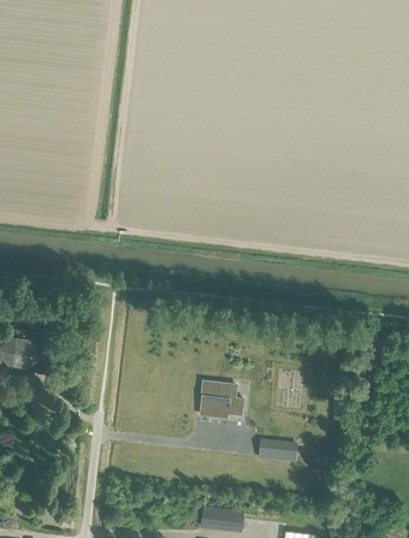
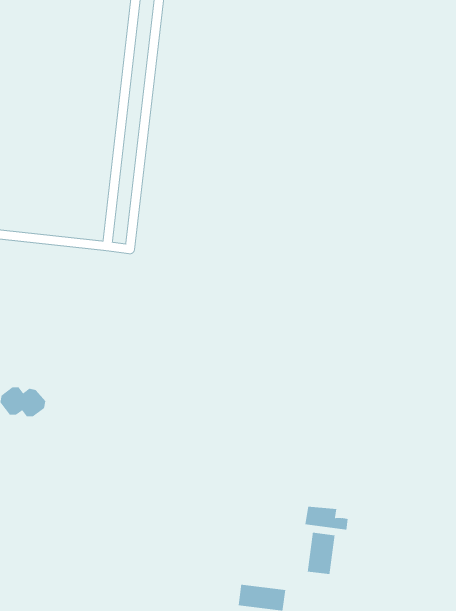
building: [201,380,243,416] -> none
building: none -> [307,532,335,575]

